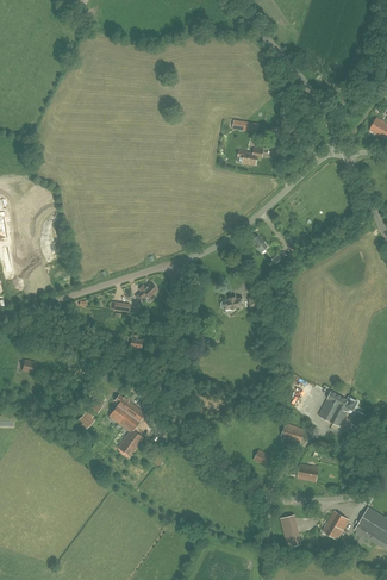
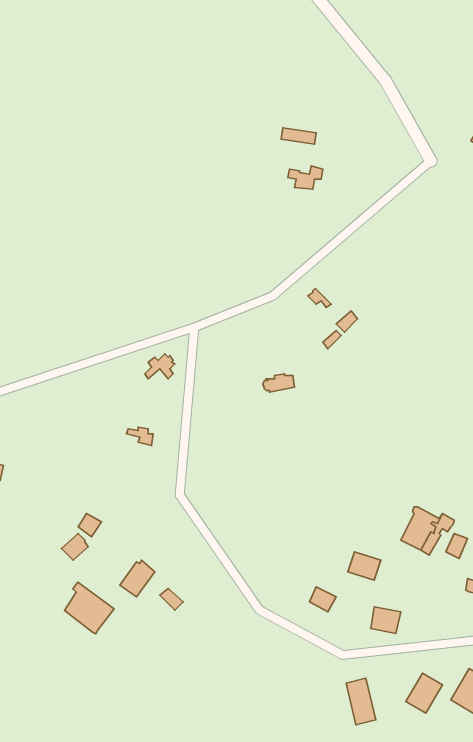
building: [110,394,145,431] -> [64,582,114,634]

